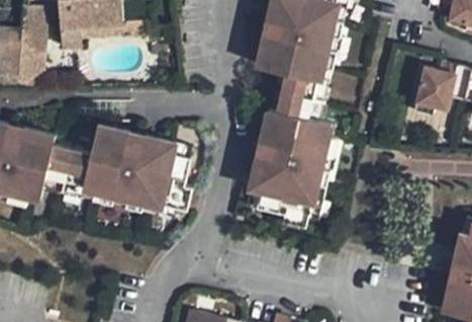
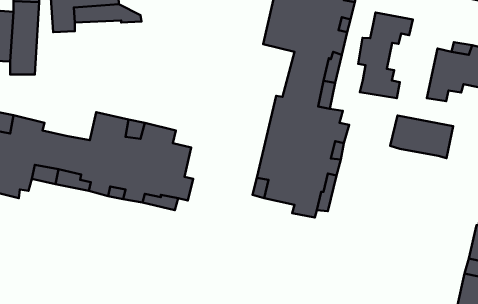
building: none -> [358,13,413,98]
building: none -> [390,115,453,158]

